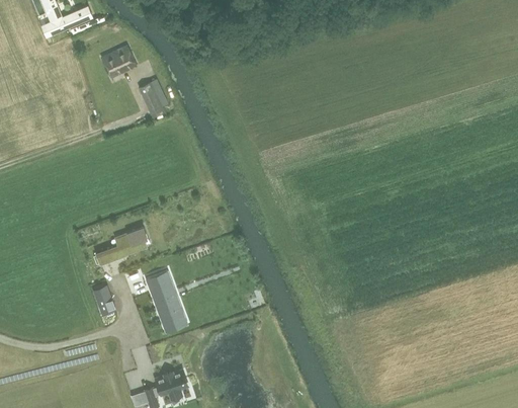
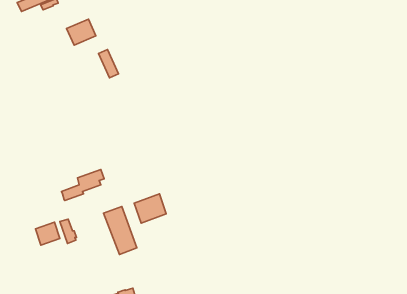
building: none -> [134,194,166,223]
building: none -> [35,222,60,245]

